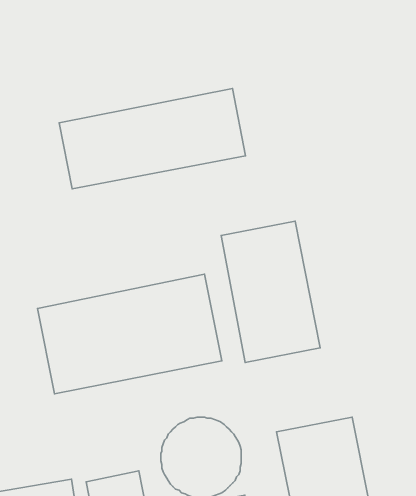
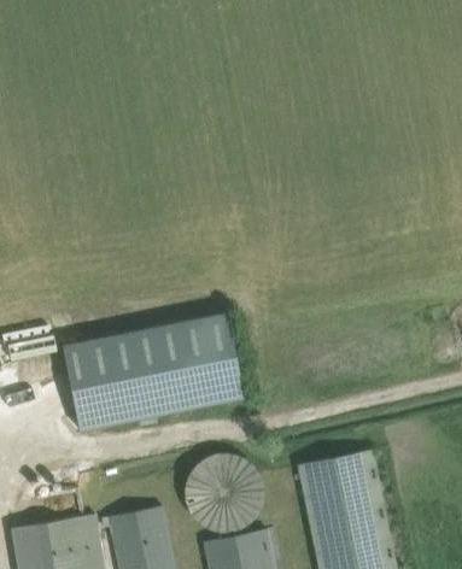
building: [59,89,246,189] -> none
building: [221,221,320,363] -> none

